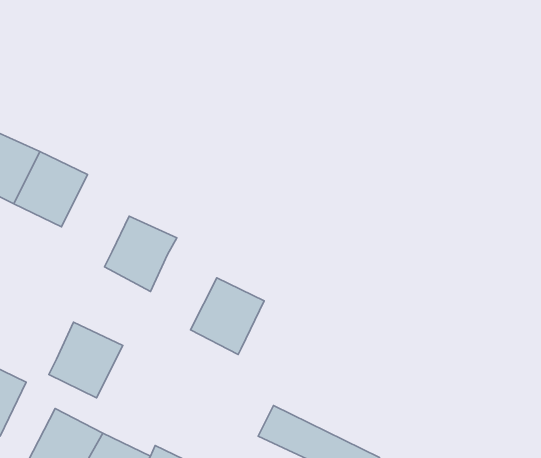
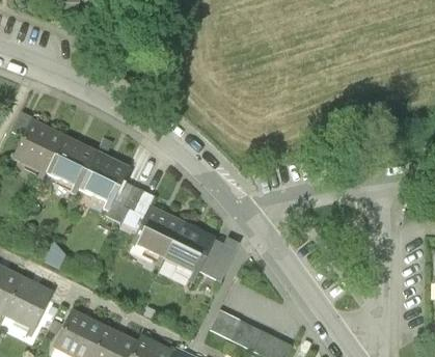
building: none -> [78,152,130,203]
building: none -> [199,235,240,279]
building: [49,322,123,398] -> [133,205,183,256]

